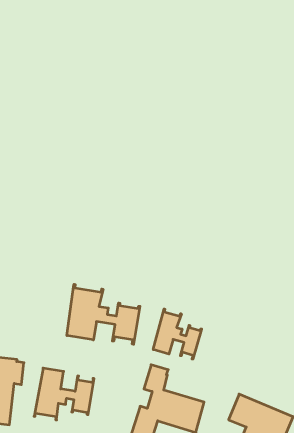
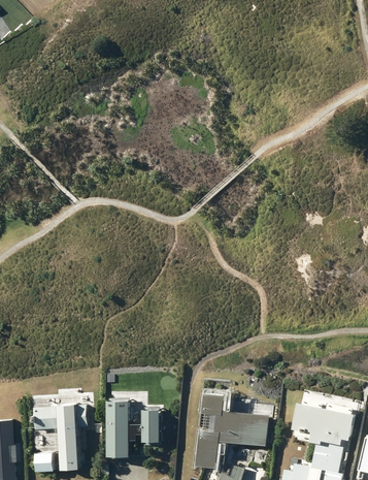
building: [67,284,140,344] -> none
building: [153,309,202,359] -> none

